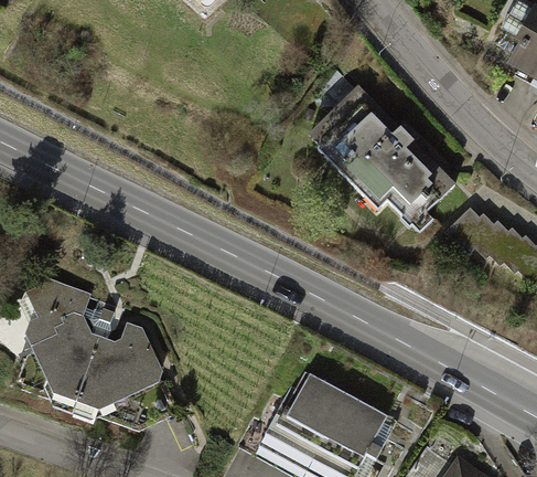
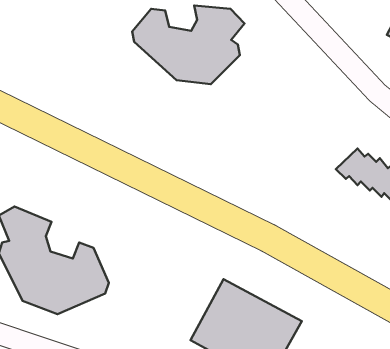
building: none -> [132,6,245,84]
building: [304,84,453,231] -> none

